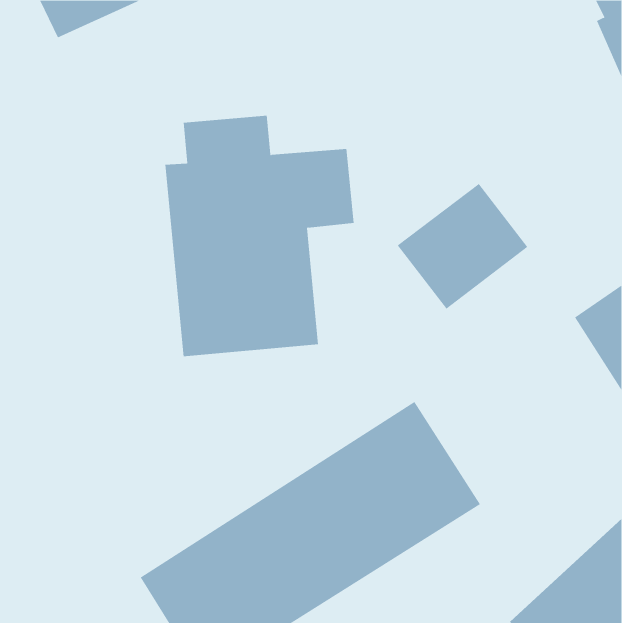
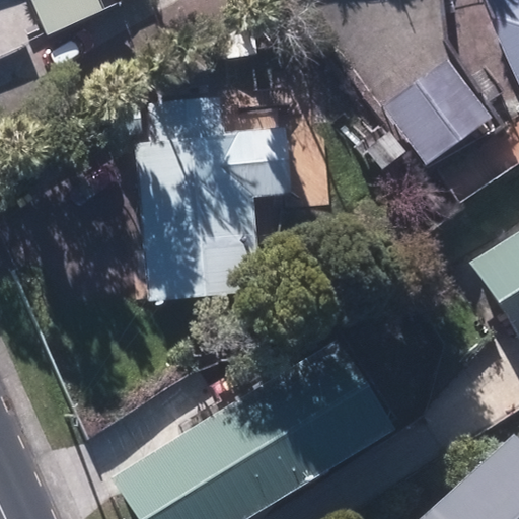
building: [397,183,528,309] -> [382,61,491,165]

